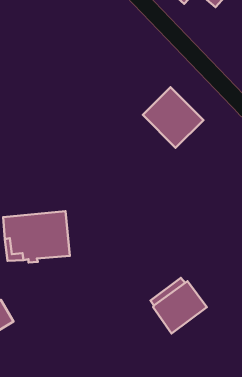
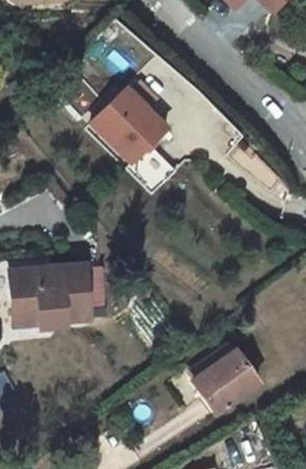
building: [143,87,203,148] -> [94,88,168,163]

